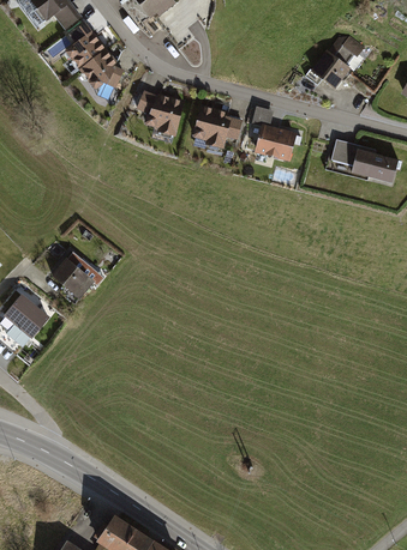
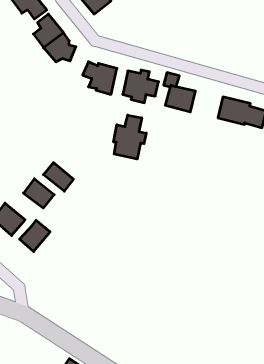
building: [310,38,358,87] -> none
building: none -> [114,115,146,159]
building: none -> [43,163,73,191]
building: none -> [20,220,50,252]

